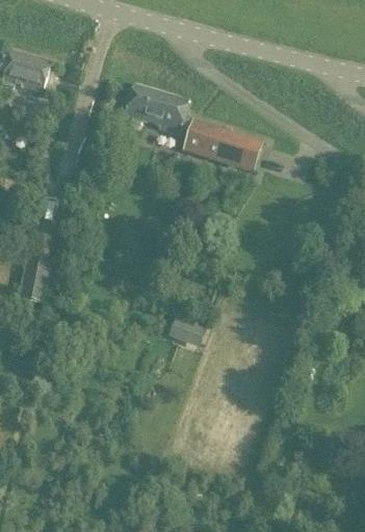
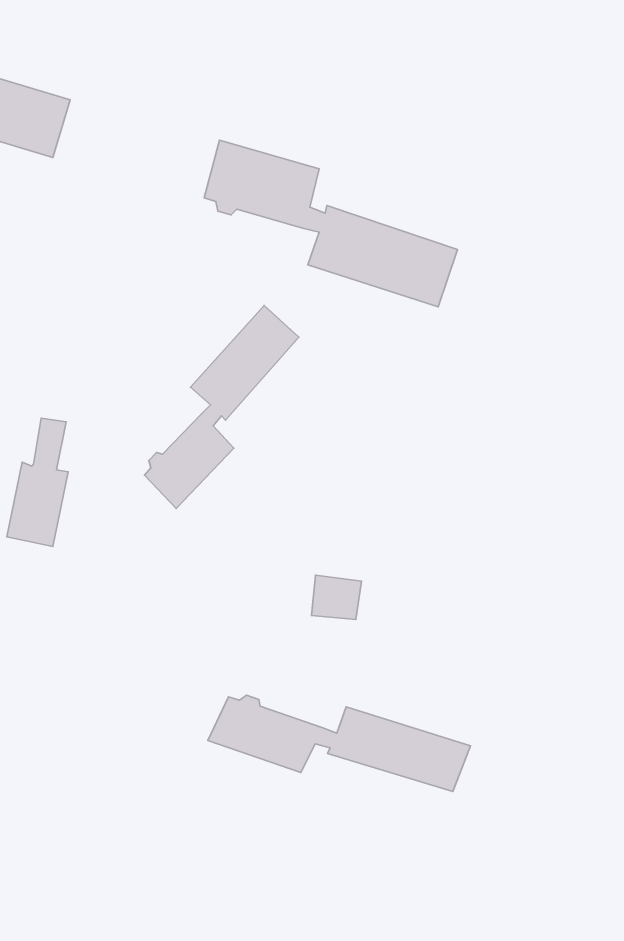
building: none -> [144,306,299,508]
building: none -> [208,695,470,791]

